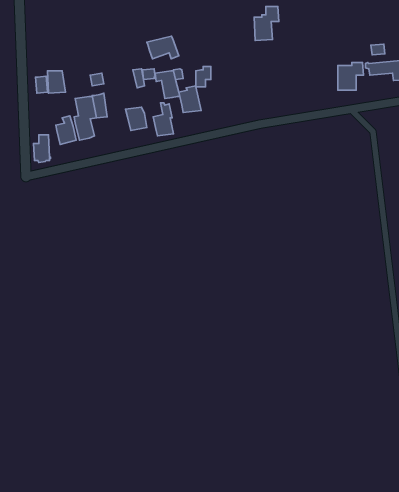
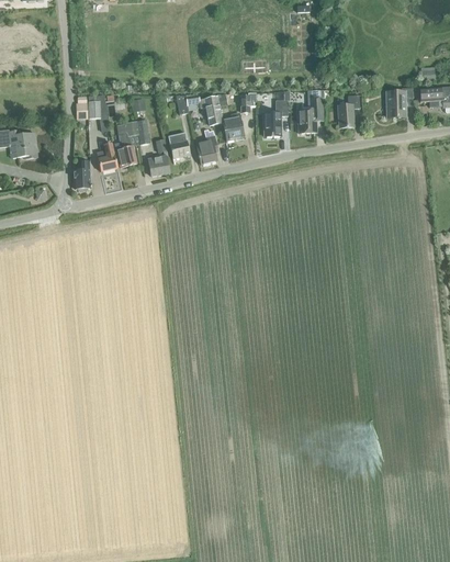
building: [254,6,279,41] -> [297,98,323,133]
building: [147,36,179,59] -> none
building: none -> [337,94,360,127]
building: none -> [263,100,288,136]
building: none -> [147,138,169,176]

